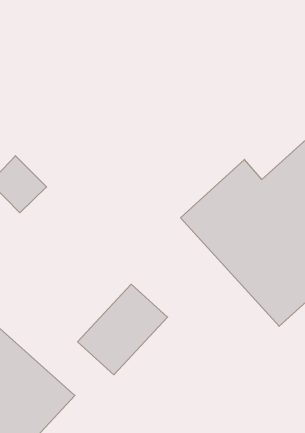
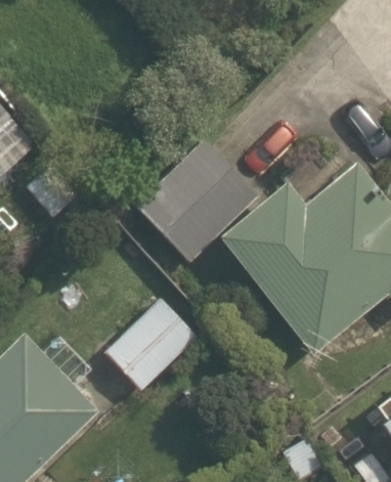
building: none -> [134,140,257,262]

